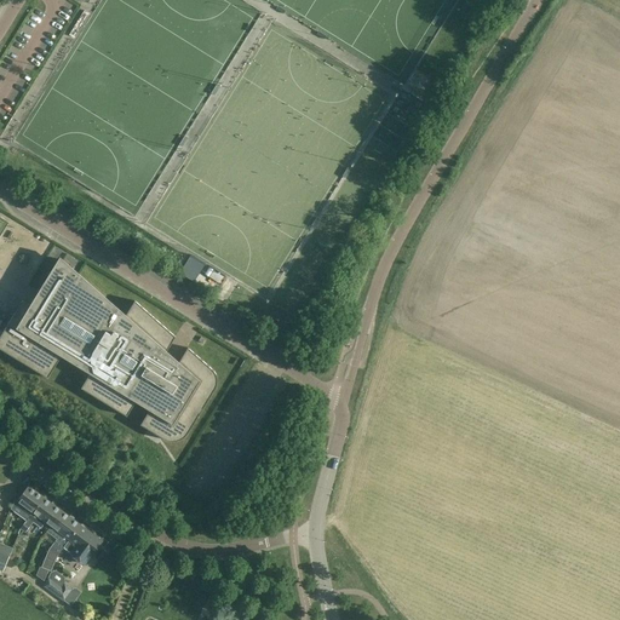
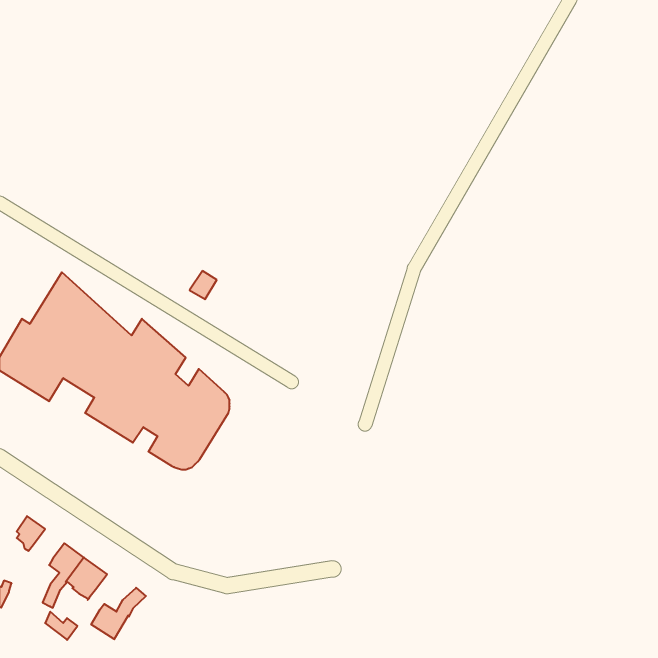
building: [19,496,61,532] -> none
building: none -> [91,588,146,639]

